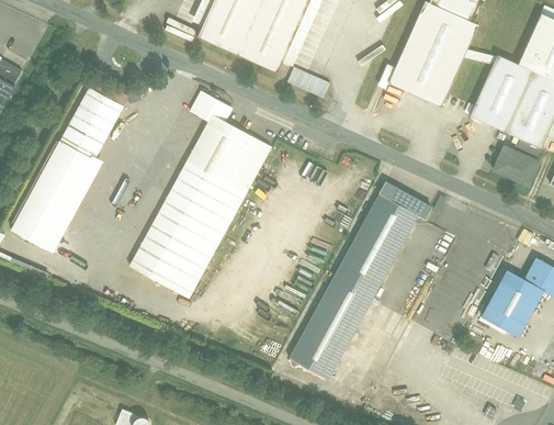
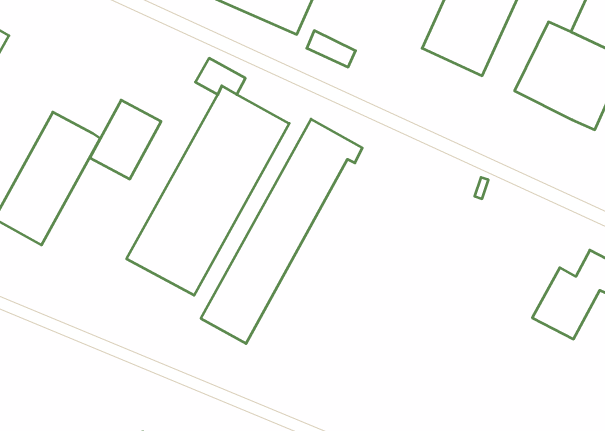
building: [64,87,126,156] -> [90,100,161,179]
building: [491,144,541,188] -> none
building: [290,182,431,379] -> [201,119,362,344]

